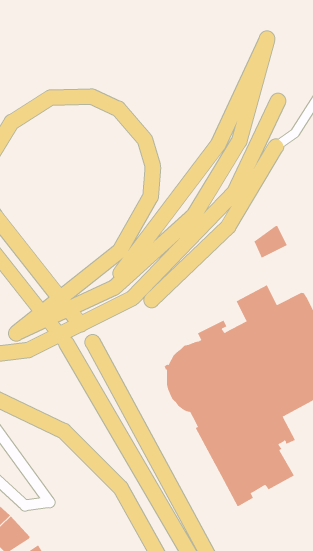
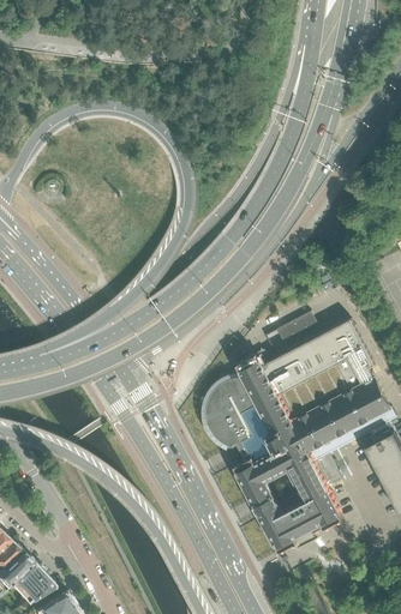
building: [253,225,288,258] -> none

